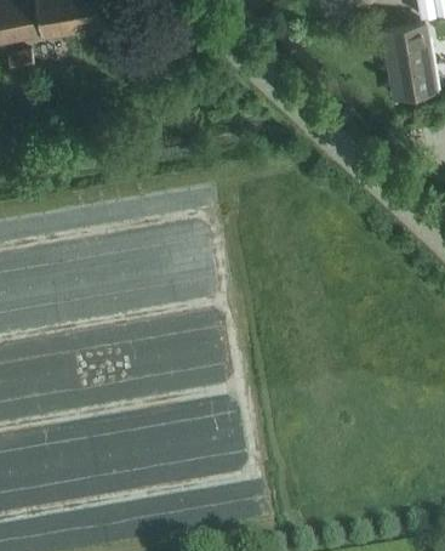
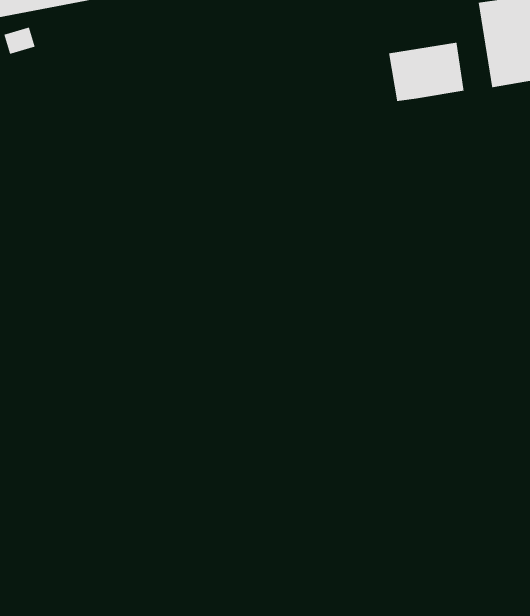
building: none -> [388,42,464,102]

